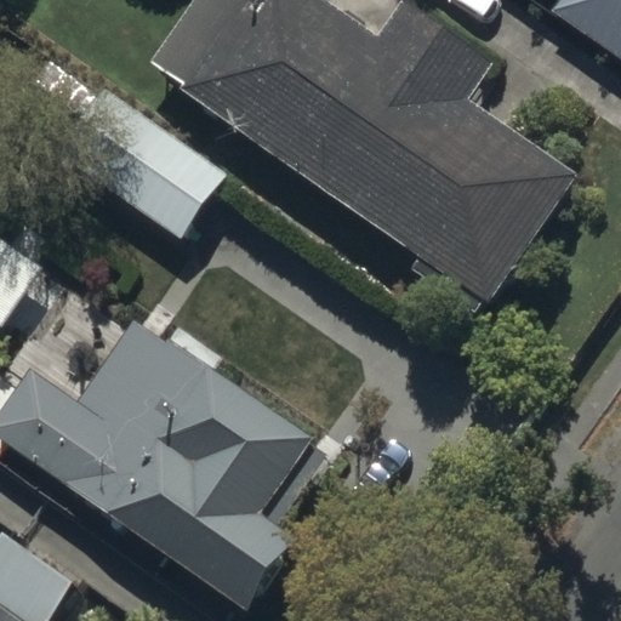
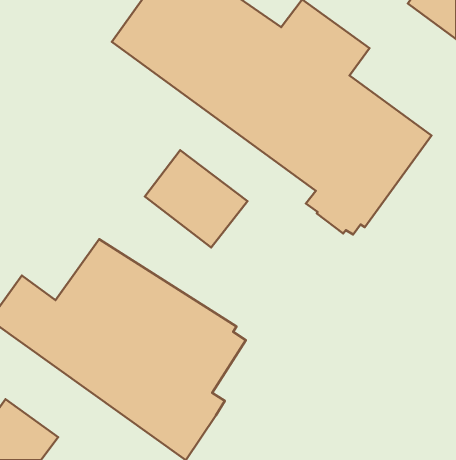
building: [86,107,223,237] -> [145,150,248,247]

